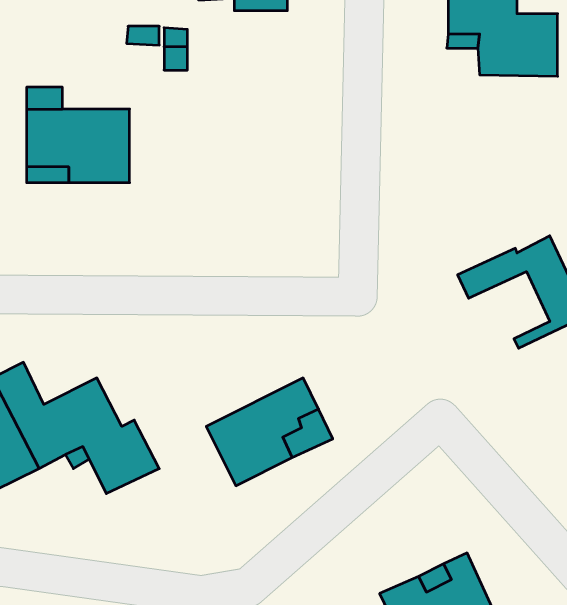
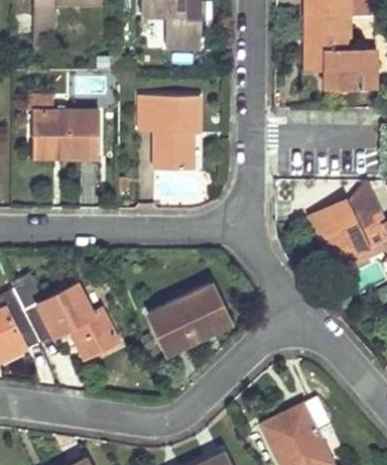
building: none -> [141,96,200,170]
building: none -> [317,216,370,265]

